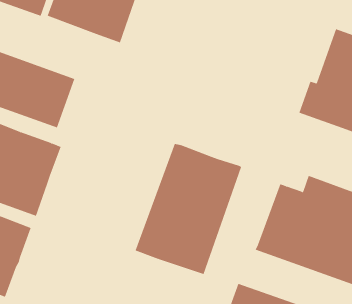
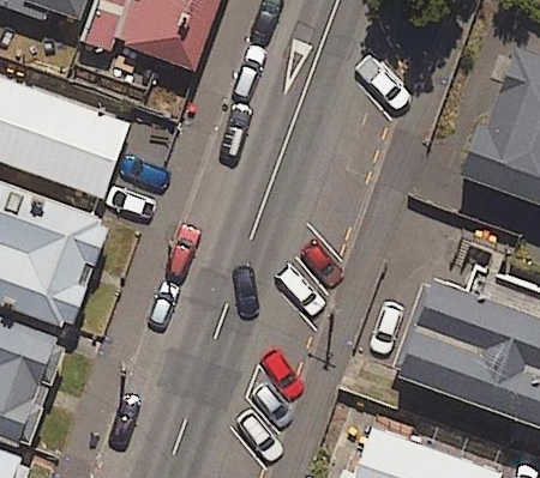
building: [135,143,242,275] -> none

